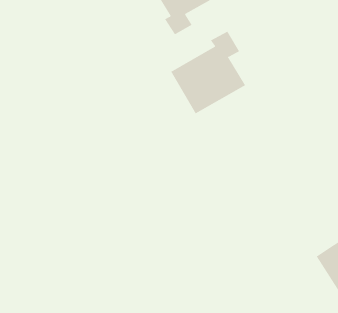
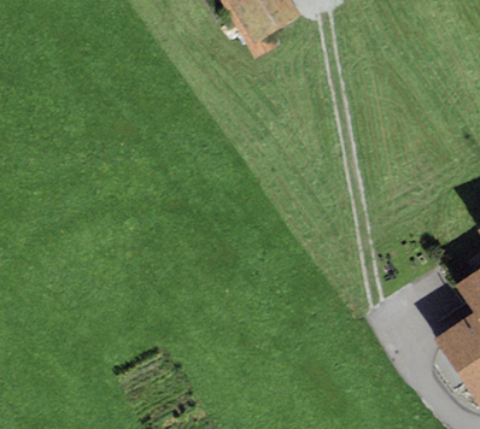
building: [170,31,246,114] -> none

